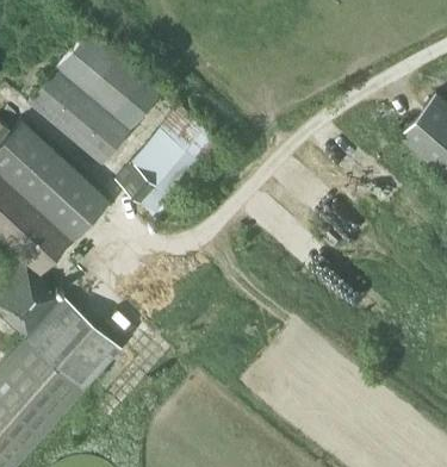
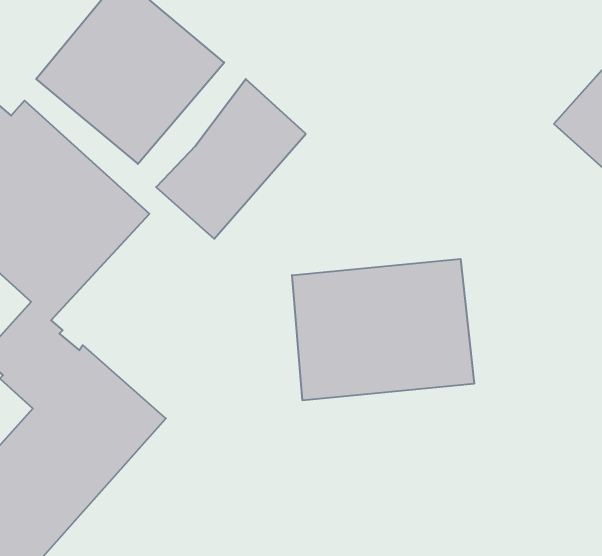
building: none -> [292,259,474,400]

